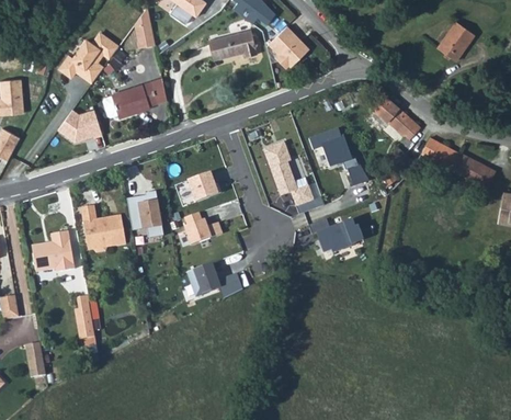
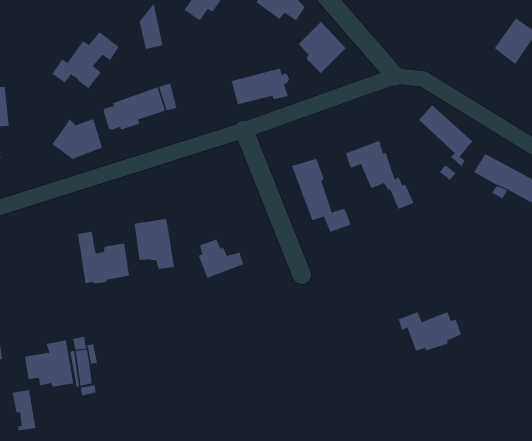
building: [208,29,259,60] -> [231,68,290,105]
building: [190,171,219,201] -> none
building: [310,217,365,251] -> [398,311,462,351]
building: [32,229,75,270] -> [24,340,74,387]
building: [188,262,243,298] -> none

